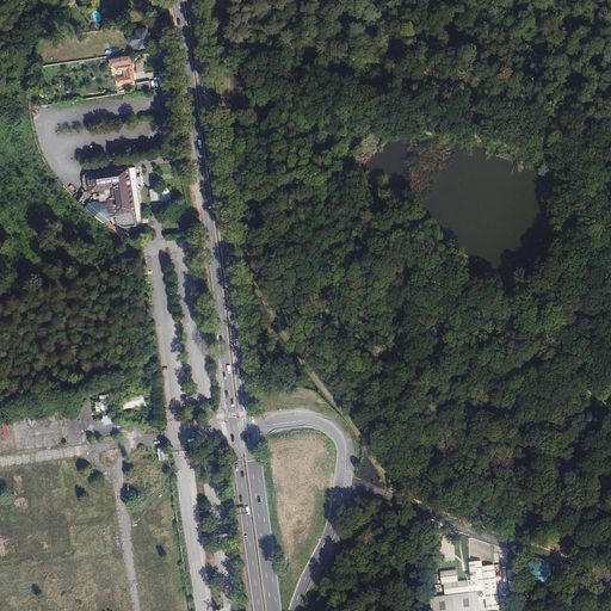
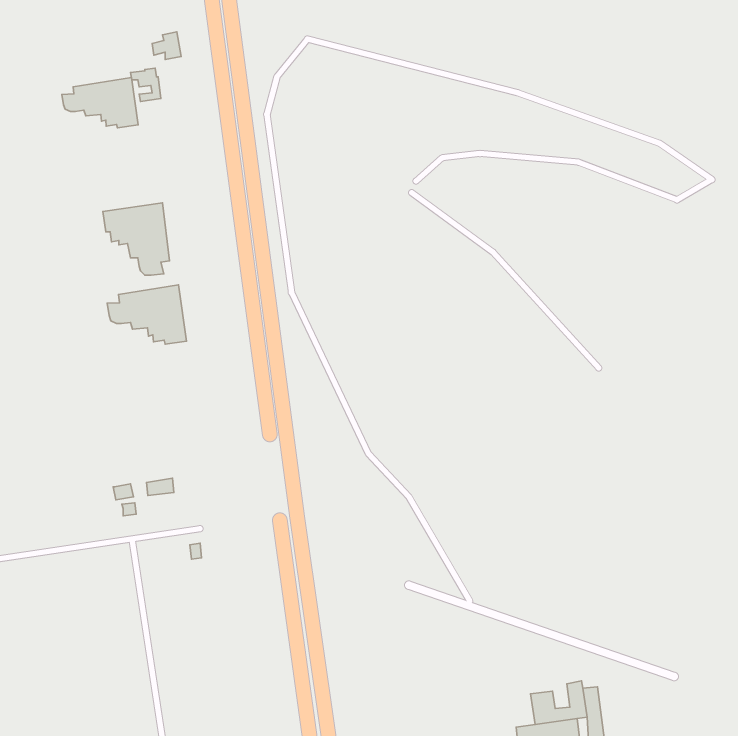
building: none -> [62,78,138,128]
building: none -> [107,285,186,344]

